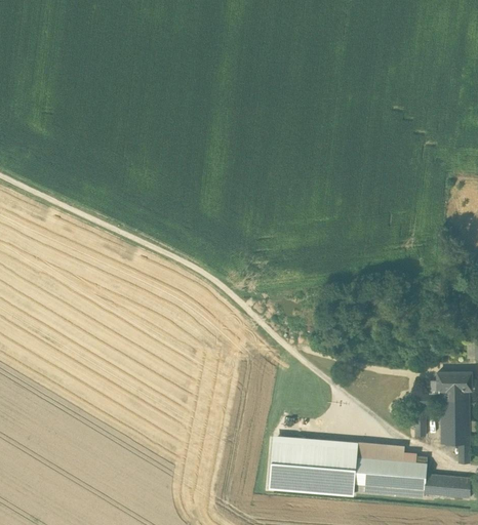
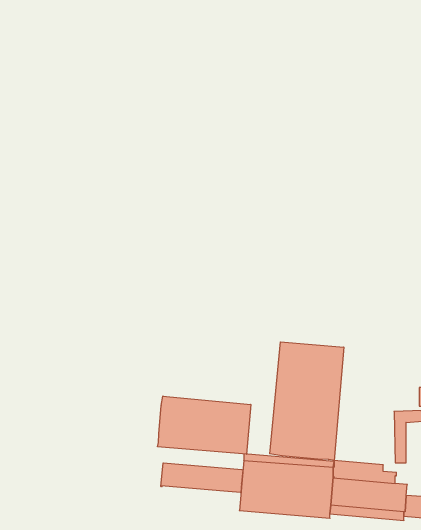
building: none -> [270,342,344,461]
building: none -> [158,396,251,454]
building: none -> [161,463,243,493]

